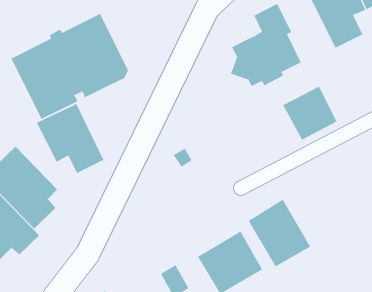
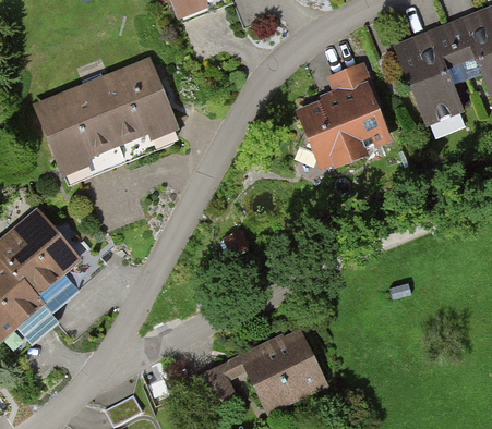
building: [282,86,337,141] -> none
building: [36,102,104,174] -> none
building: [248,199,311,267] -> none

